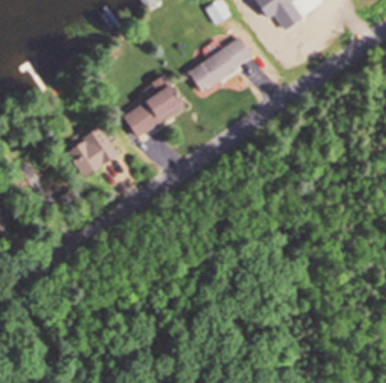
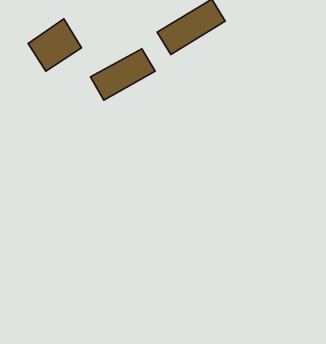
building: [66,125,119,177] -> [28,19,82,71]

